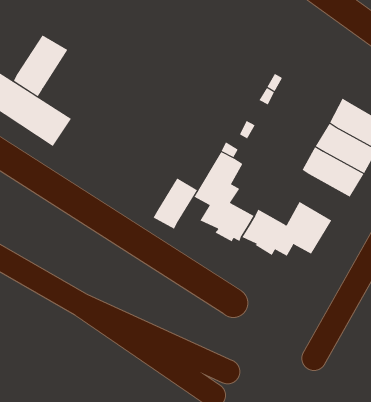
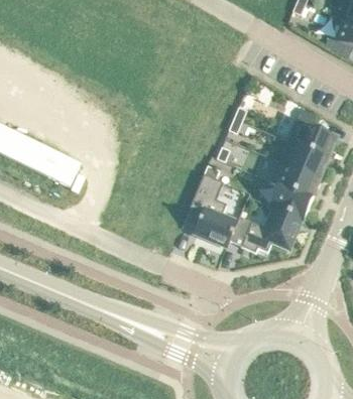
building: [13,34,68,97] -> none
building: none -> [268,183,312,219]
building: [153,177,198,230] -> none

